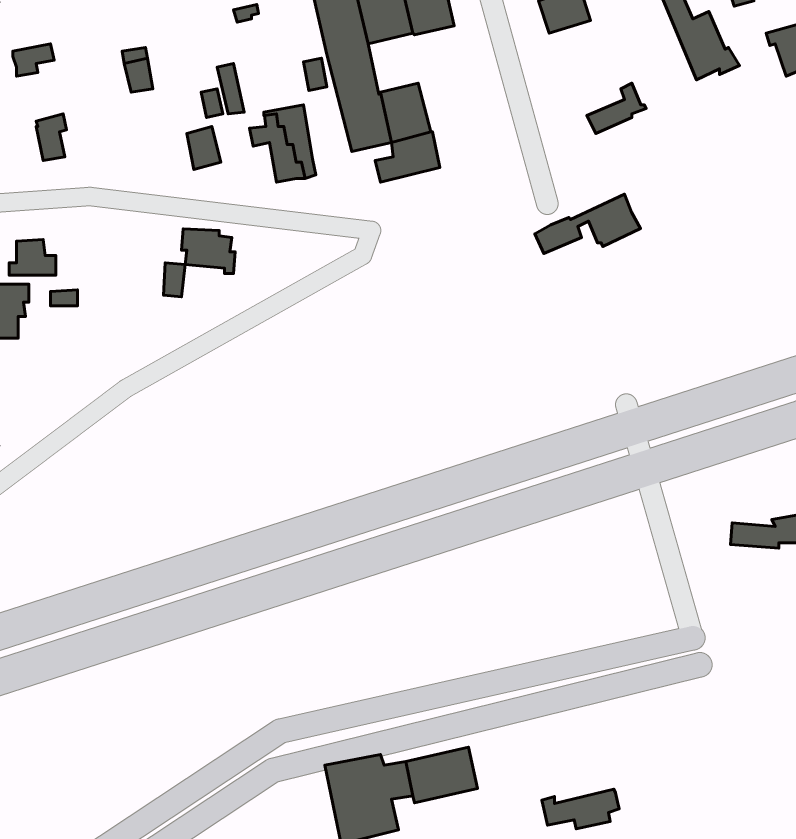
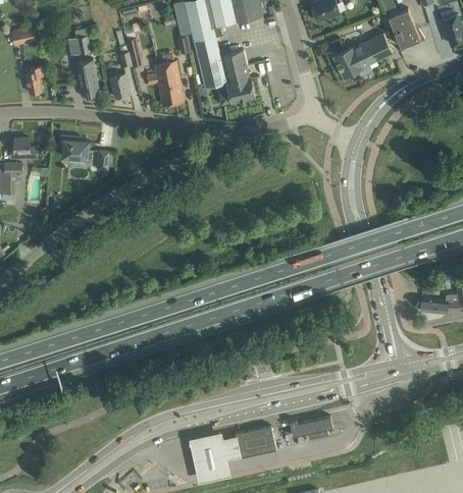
building: none -> [75,60,99,97]
building: [535,194,641,254] -> [332,35,393,68]
building: [181,229,235,274] -> [59,138,90,163]
building: [542,789,619,829] -> [289,417,332,439]

